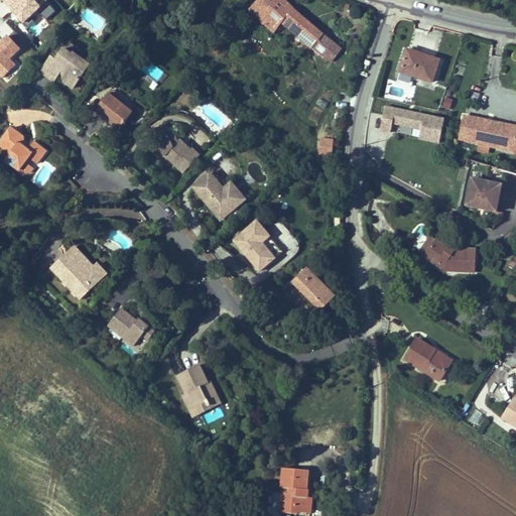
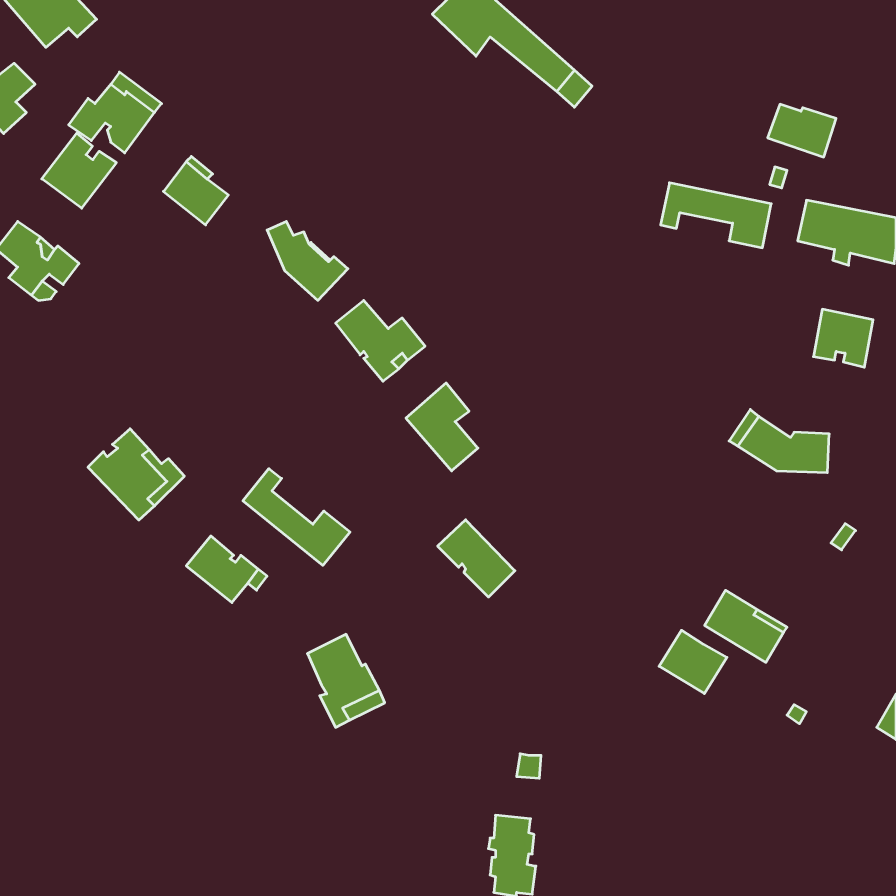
building: [399,51,438,82] -> [768,104,836,157]
building: none -> [42,133,116,208]
building: [290,266,335,310] -> [438,520,515,597]
building: none -> [243,469,350,565]
building: none -> [659,630,727,694]

